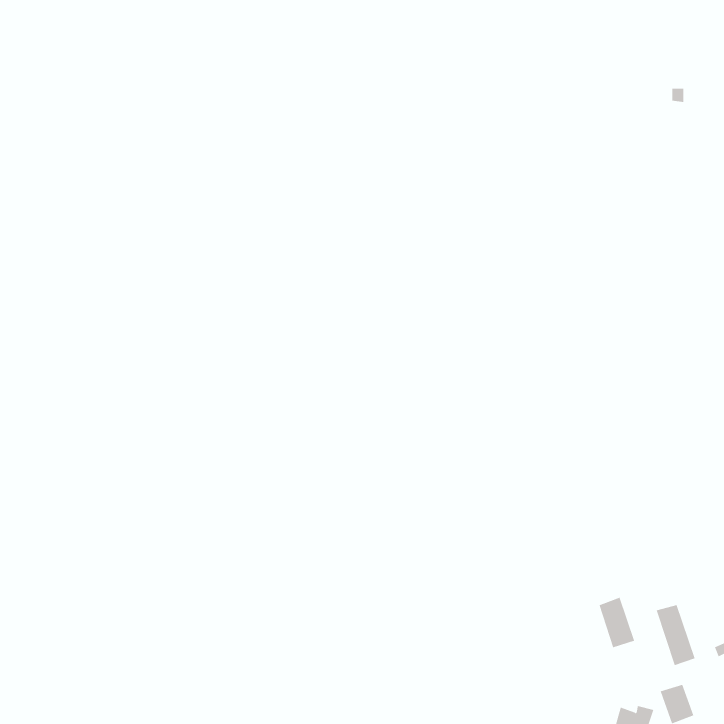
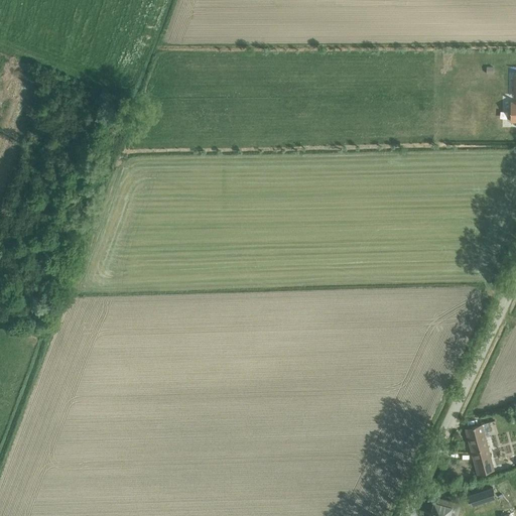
building: [599,597,635,648] -> none

